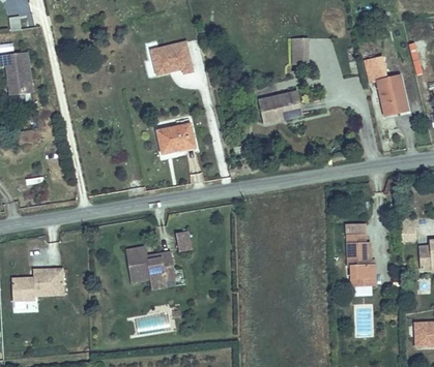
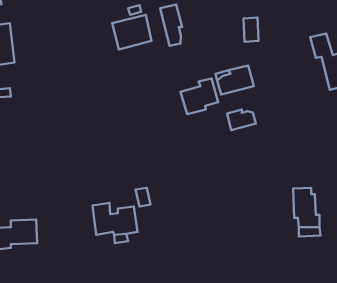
building: none -> [160,5,182,46]
building: [151,122,193,161] -> [181,79,218,114]
building: none -> [227,109,256,130]

